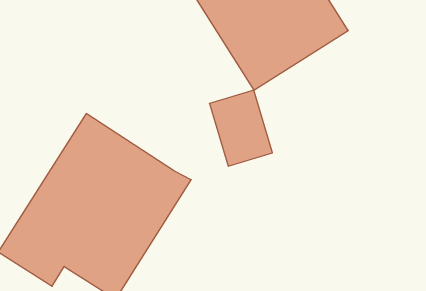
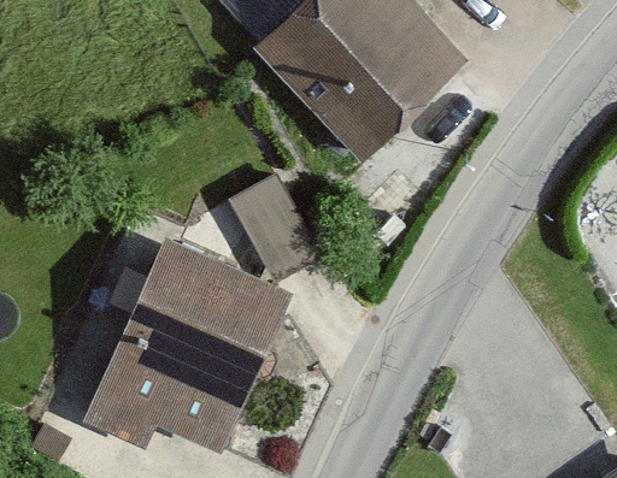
building: [209,90,272,166] -> [235,176,325,277]

